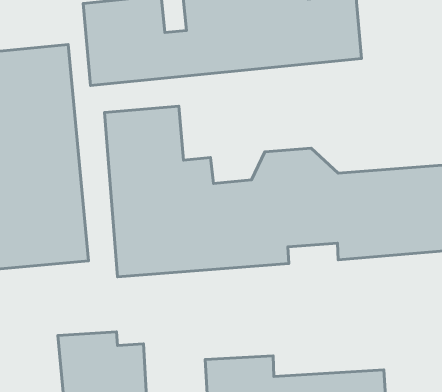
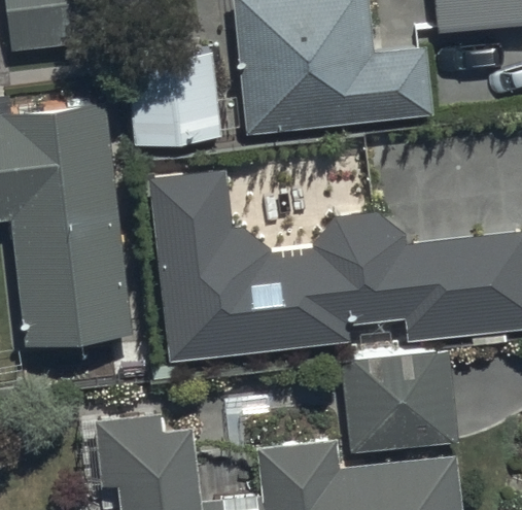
building: none -> [341,351,461,456]

